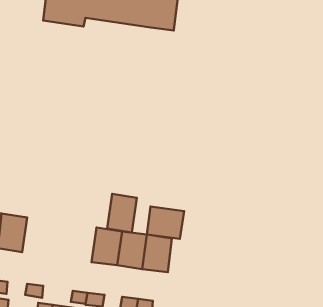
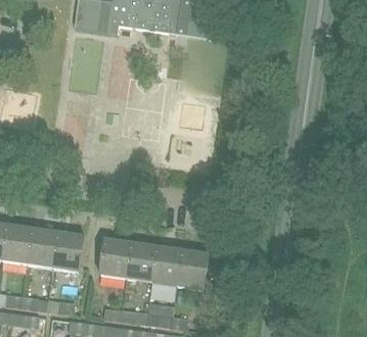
building: [107,194,137,233] -> [99,238,130,278]
building: [147,206,184,239] -> none
building: none -> [53,232,84,271]

